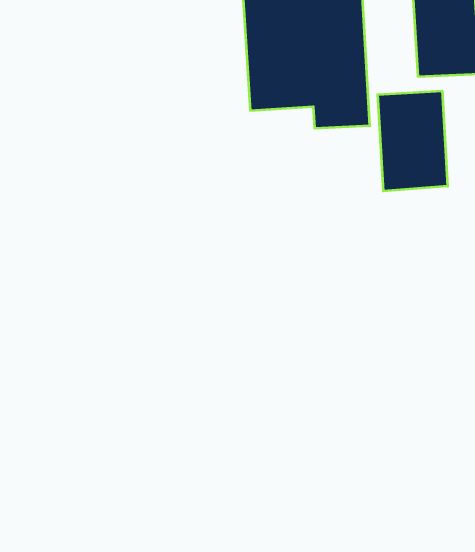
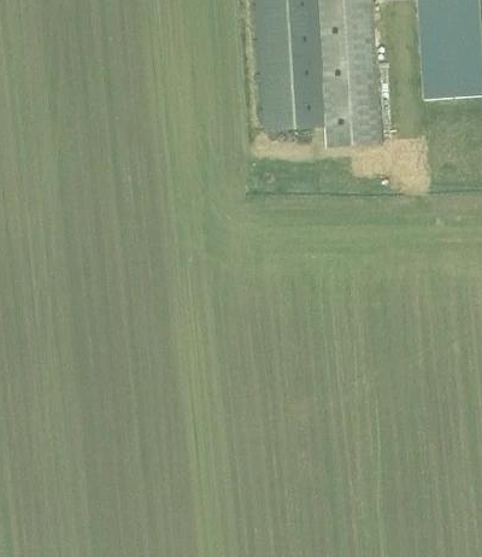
building: [378,91,448,191] -> none

